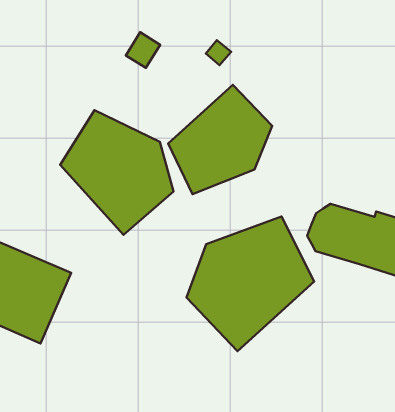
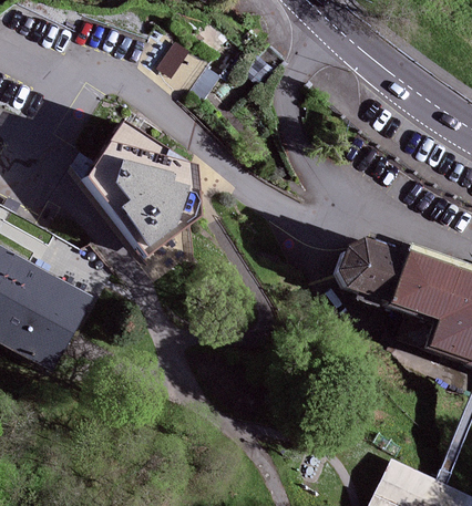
building: [168,85,272,194] -> none
building: [186,217,314,351] -> none

